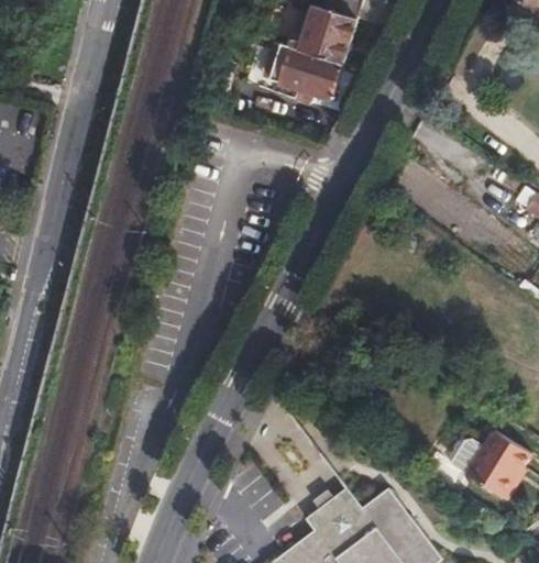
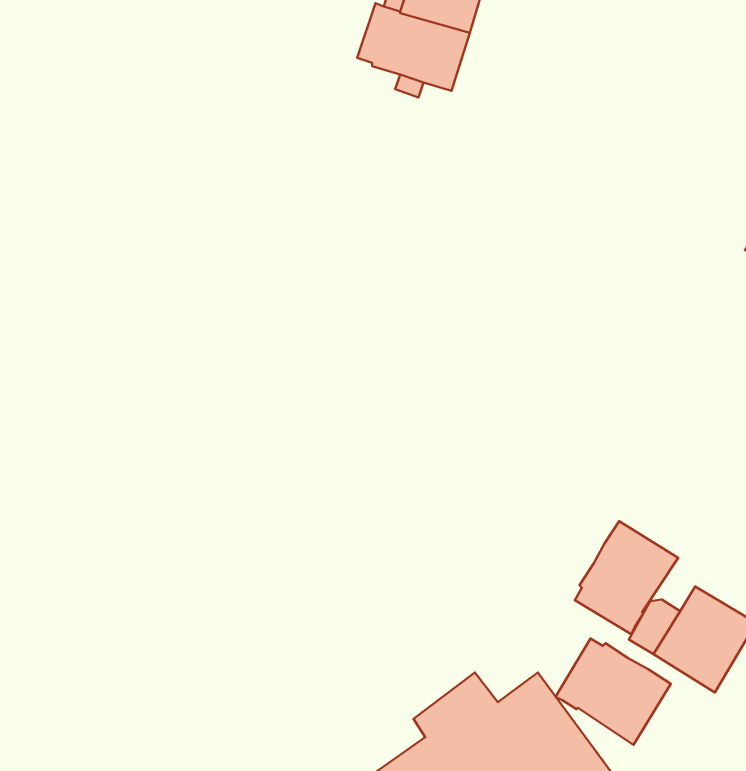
building: none -> [575,521,678,634]
building: none -> [556,639,671,745]

